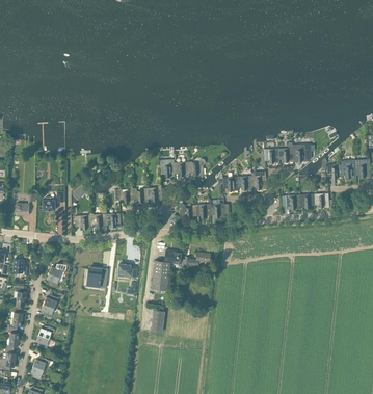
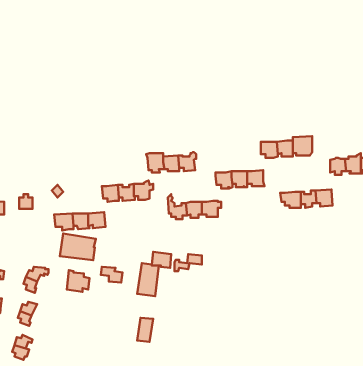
building: none -> [60,234,96,260]

